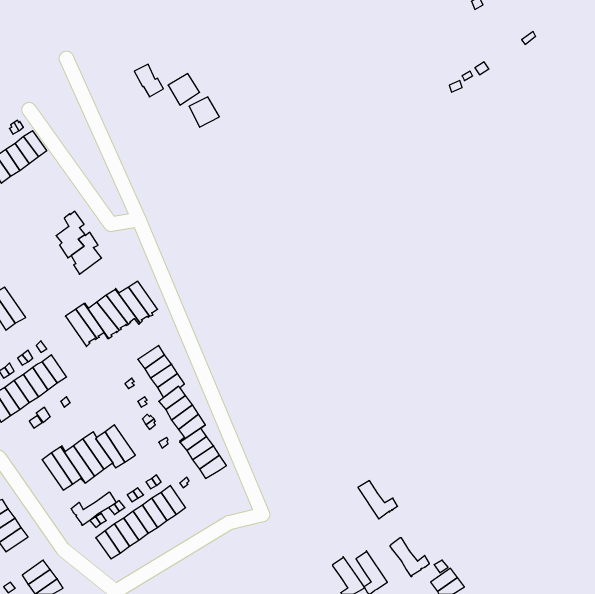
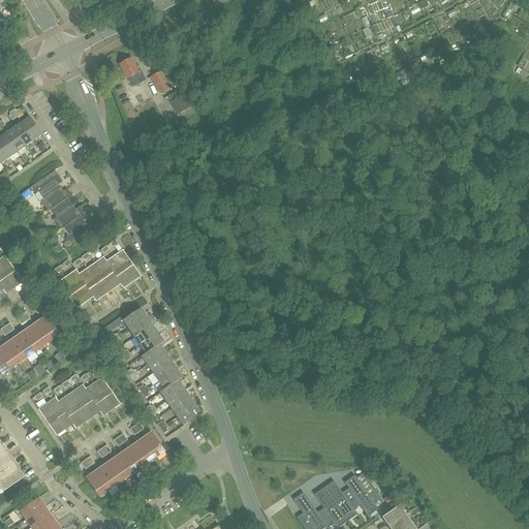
building: none -> [30,168,62,210]
building: [358,481,398,519] -> [324,481,360,516]
building: [71,492,116,525] -> none

